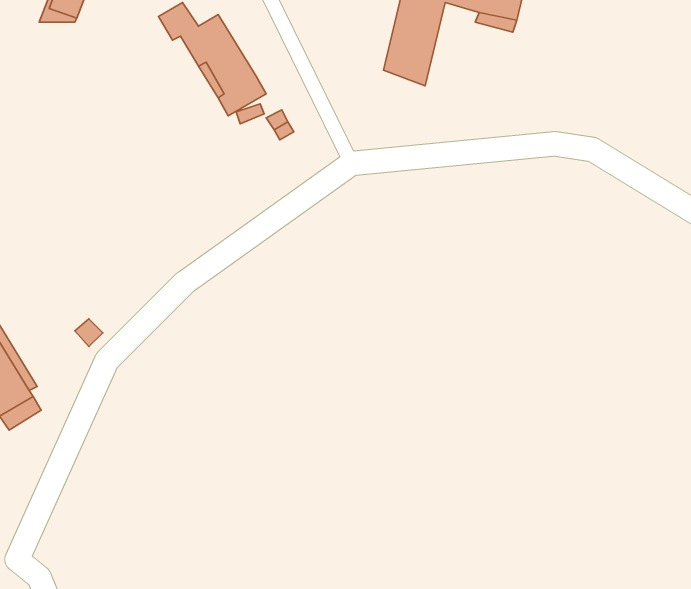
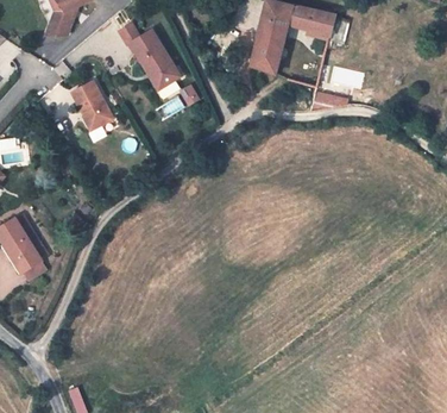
building: none -> [70,81,113,129]

